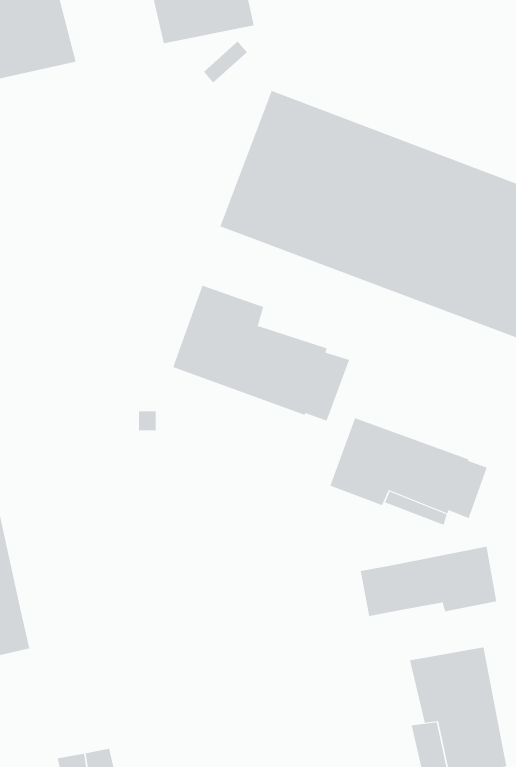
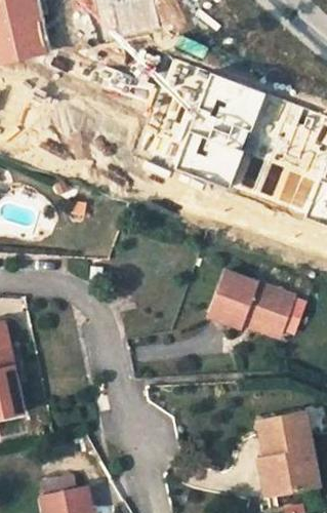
building: [172,285,350,421] -> none
building: [360,546,497,617] -> none

